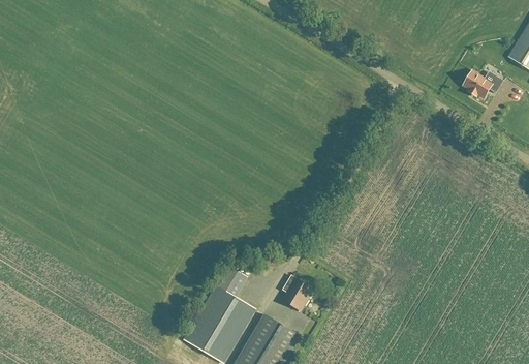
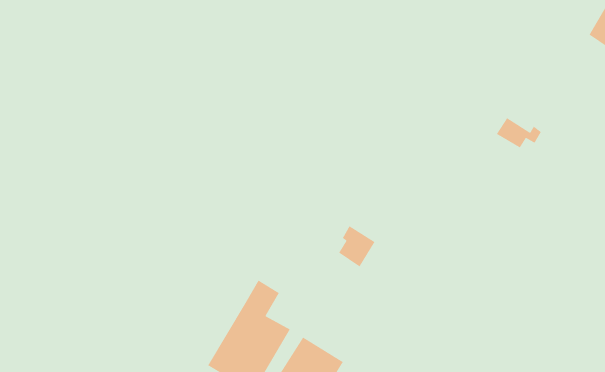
building: [460,71,499,98] -> [496,117,542,149]
building: [280,274,312,310] -> [338,225,376,267]

